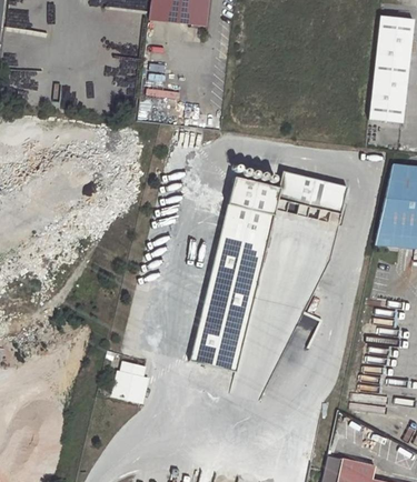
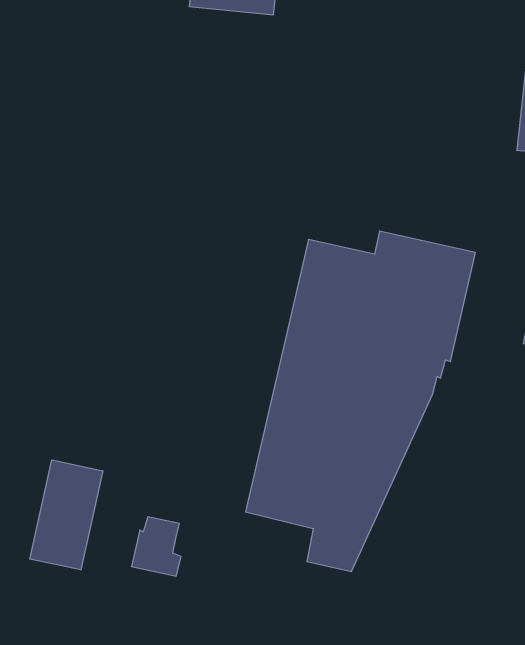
building: none -> [30,460,103,570]

